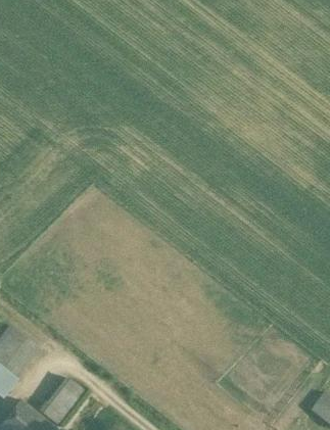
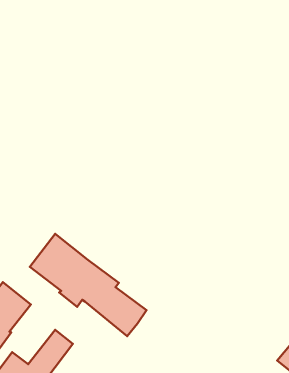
building: none -> [30,234,147,336]

